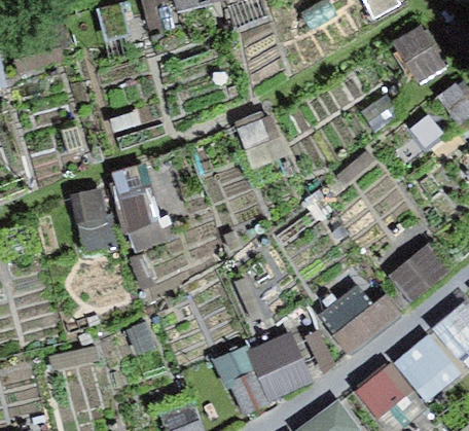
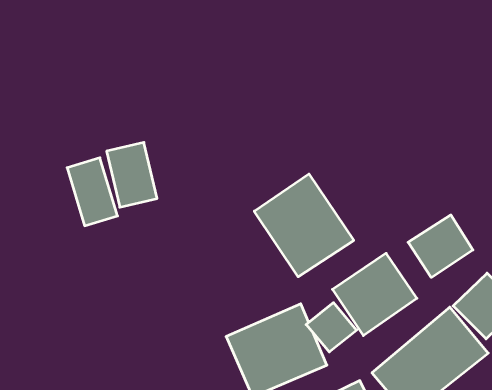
building: none -> [254,174,354,277]

